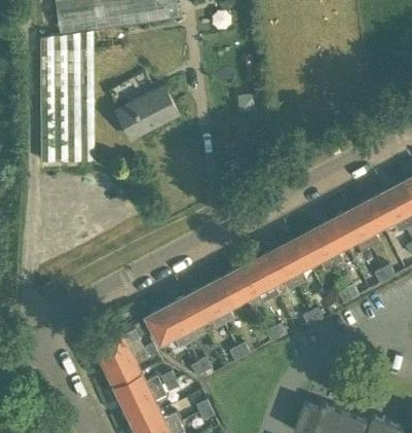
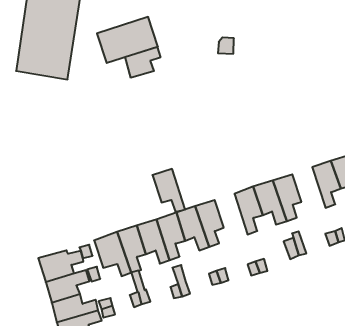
building: none -> [125,47,160,78]
building: [332,209,370,252] -> none
building: [259,248,297,290] -> [152,169,185,212]

